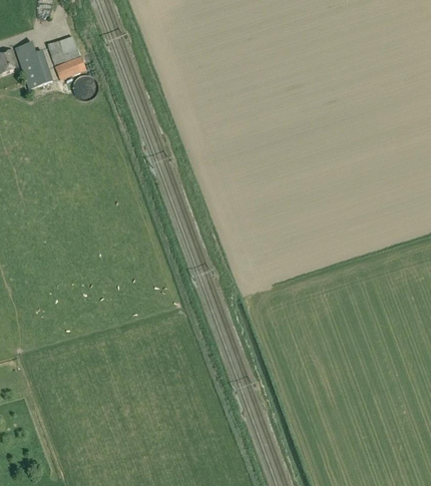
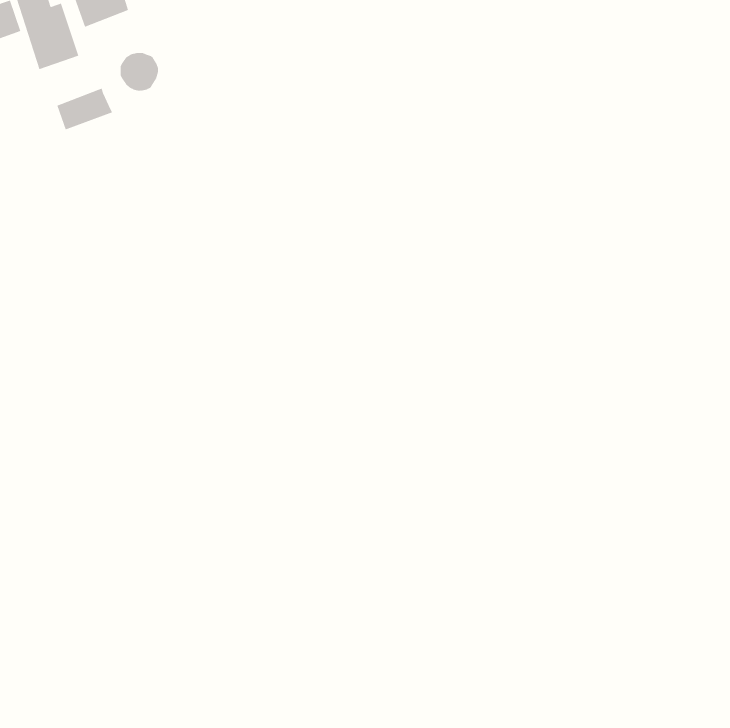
building: [54,55,86,79] -> [56,88,113,130]

